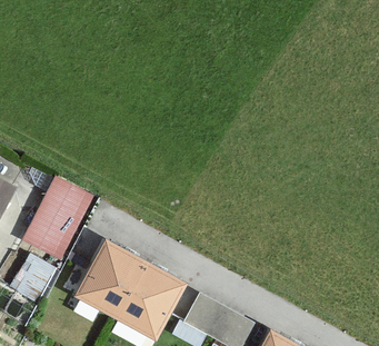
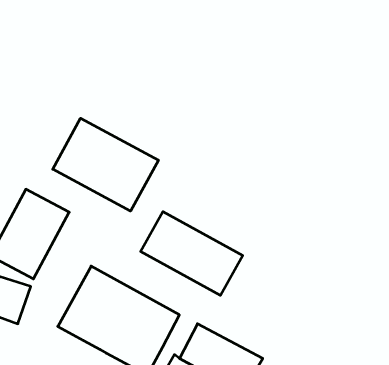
building: none -> [53,118,158,211]
building: none -> [141,212,243,295]

